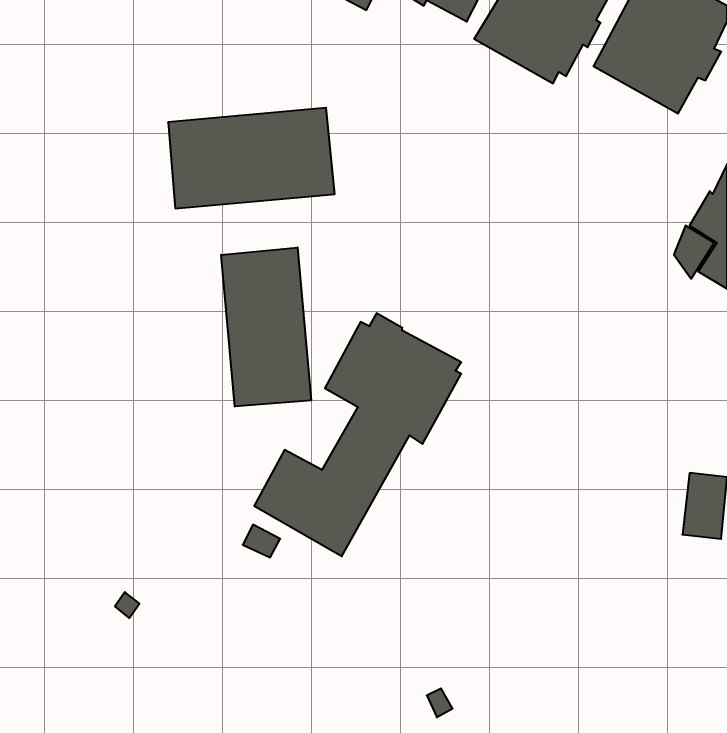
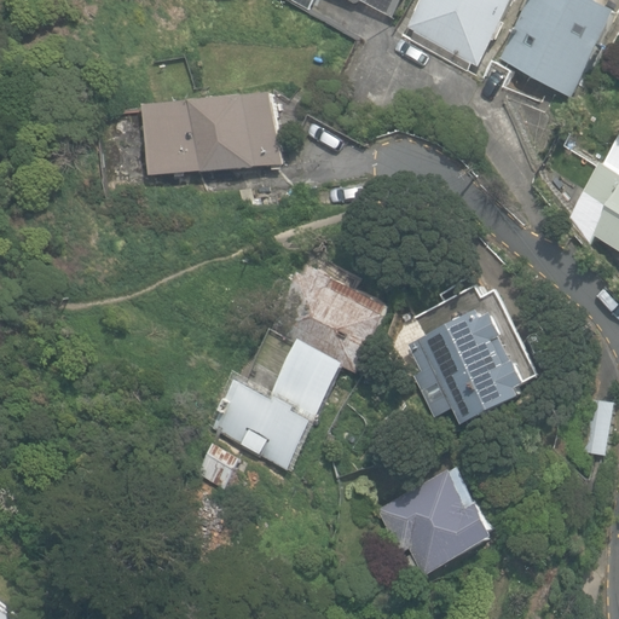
building: [221,247,311,407] -> none
building: none -> [407,283,539,422]
building: none -> [376,462,499,583]

